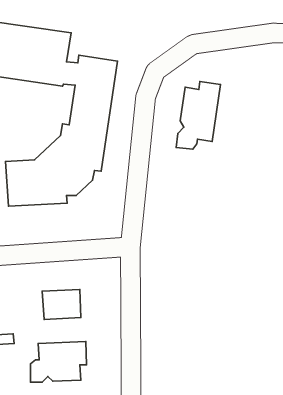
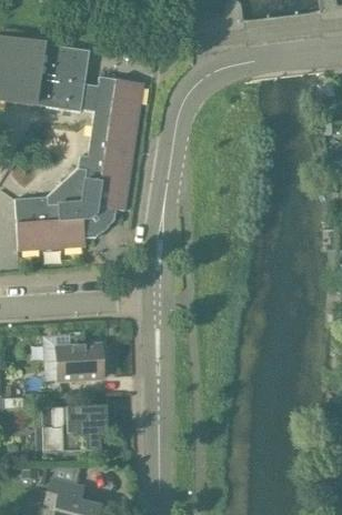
building: [176,81,221,149] -> none

